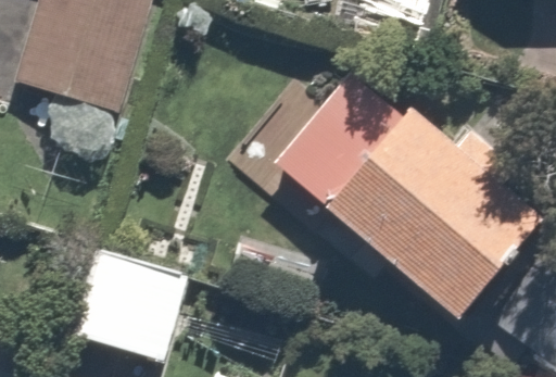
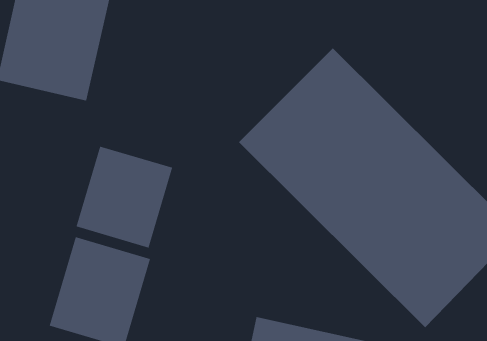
building: none -> [76,146,173,248]

